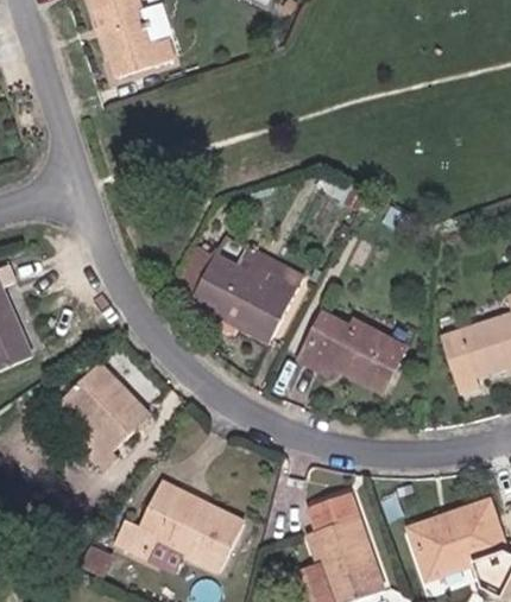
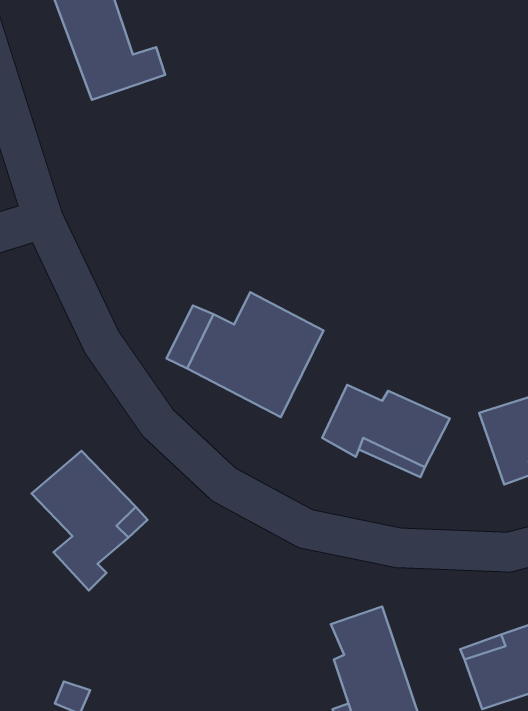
building: [115,481,245,571] -> none

